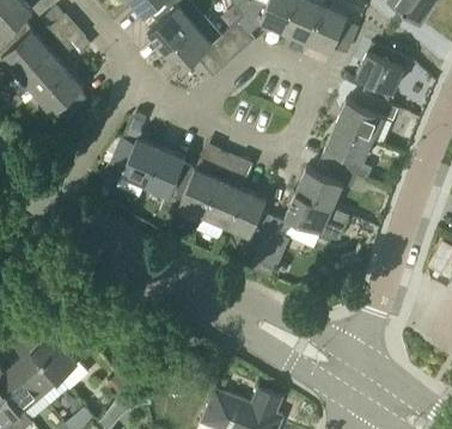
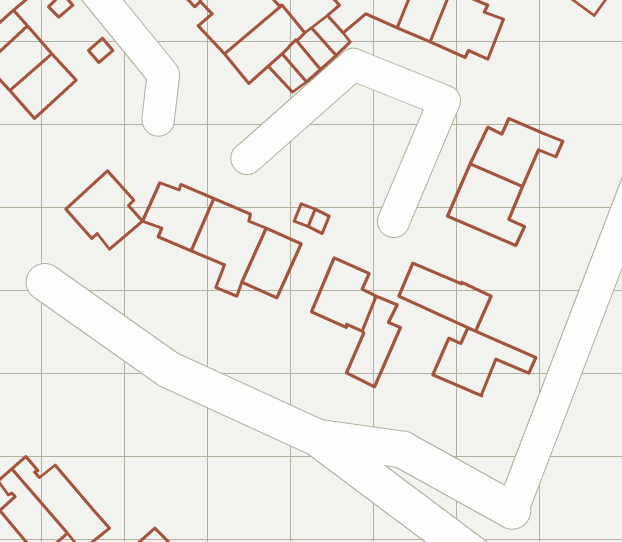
building: [356,53,403,105] -> none
building: [36,68,88,122] -> [66,171,143,249]
building: [295,161,366,208] -> [433,328,536,396]
building: [202,180,242,227] -> none

